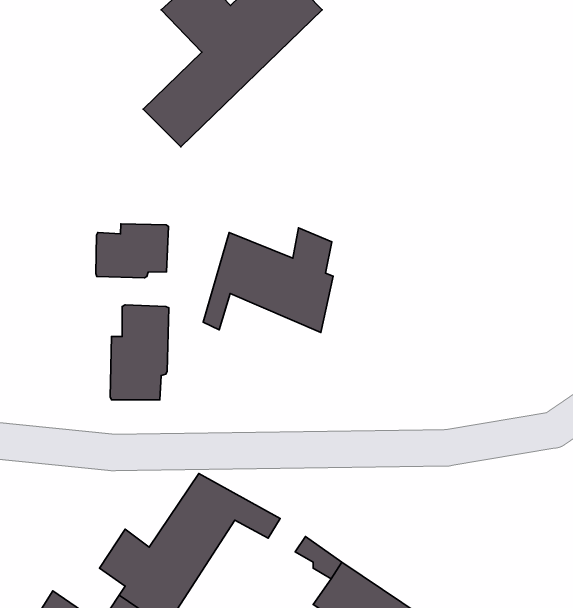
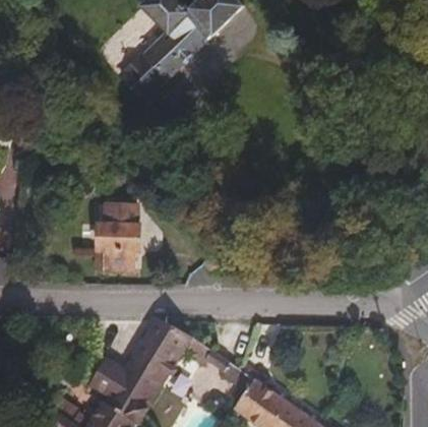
building: [96,224,168,278] -> none
building: [203,228,333,332] -> none

